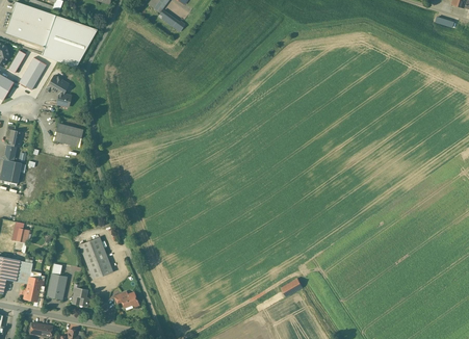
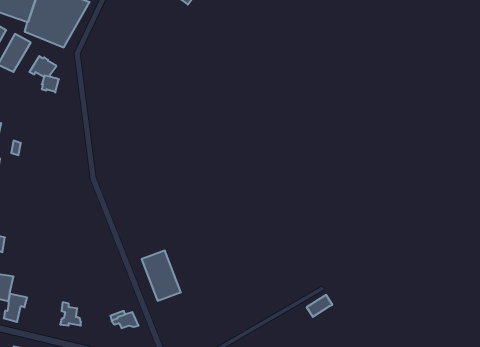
building: [53,123,83,146] -> none
building: [79,236,112,279] -> [142,251,181,301]
building: [47,263,67,298] -> none

